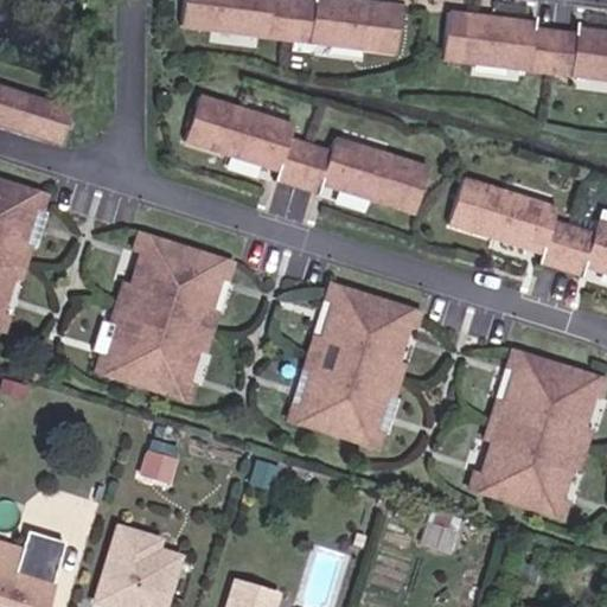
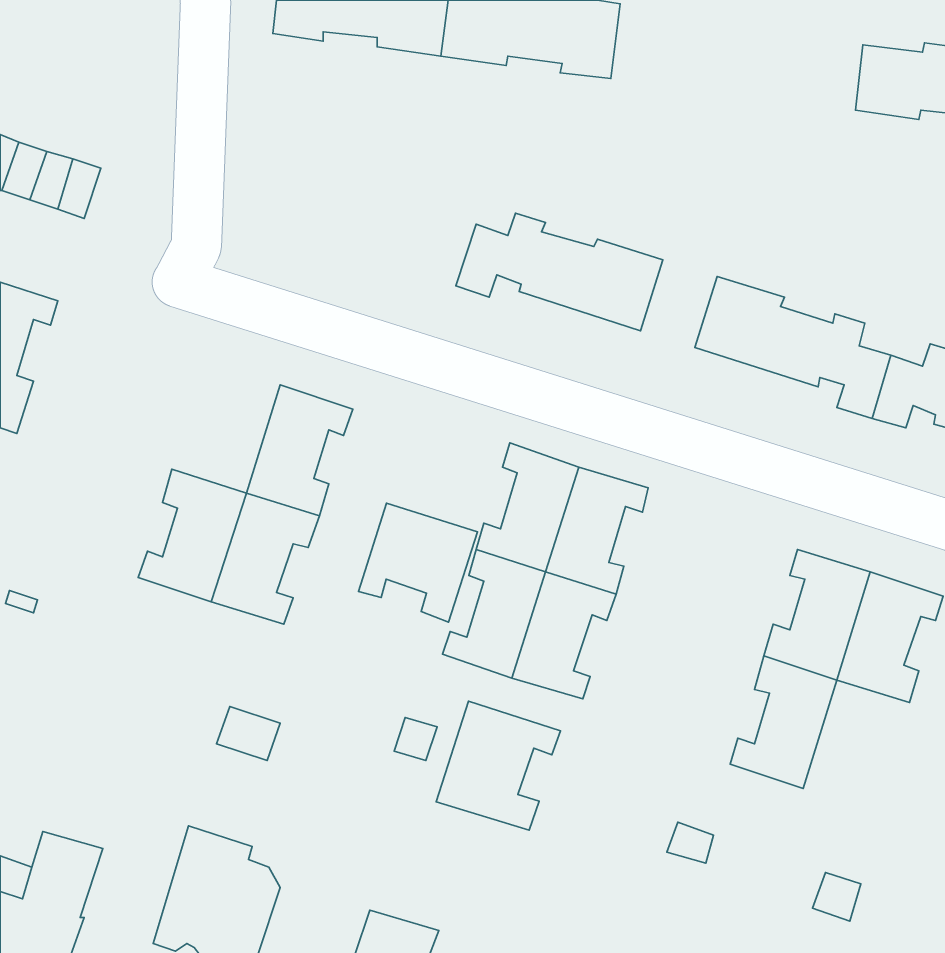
building: [441,9,554,71] -> none
building: [183,94,308,183] -> none
building: [115,231,184,314] -> none
building: none -> [359,503,477,622]
building: [516,433,583,516] -> none
building: none -> [436,701,560,830]

